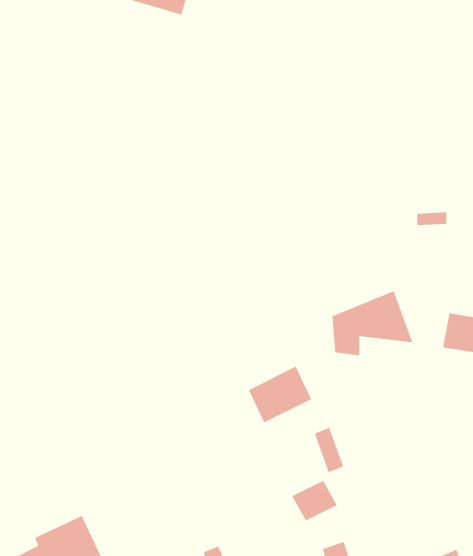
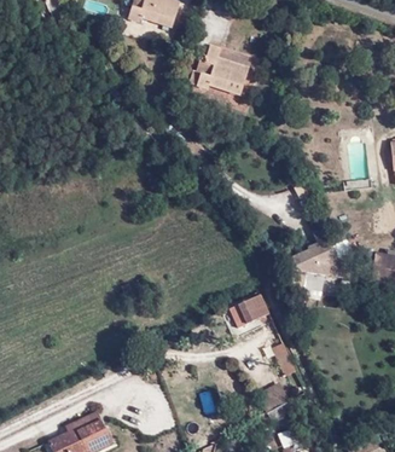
building: none -> [187,41,252,98]

